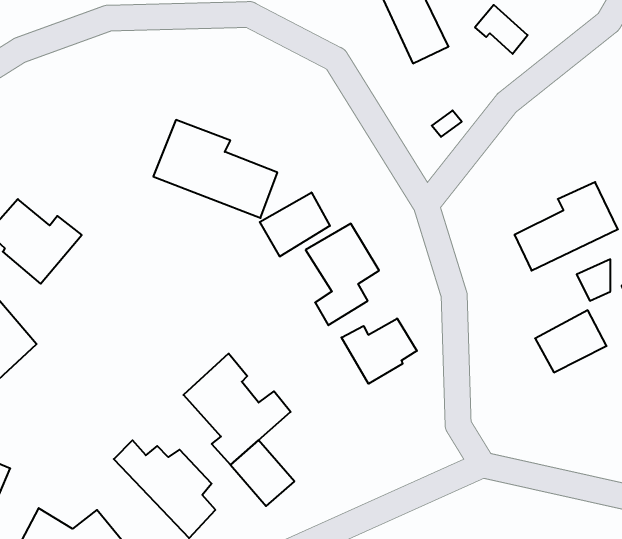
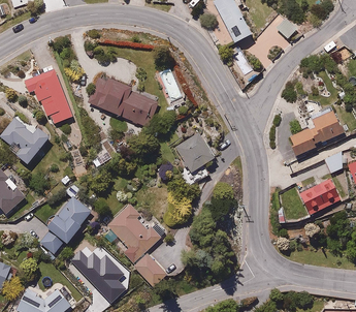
building: none -> [23,65,75,123]
building: [260,192,330,257] -> none
building: [341,318,417,384] -> none
building: none -> [39,194,92,254]

